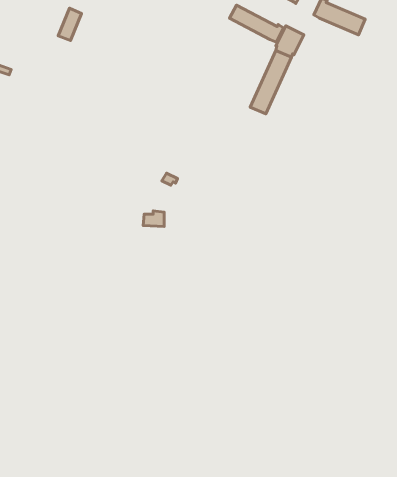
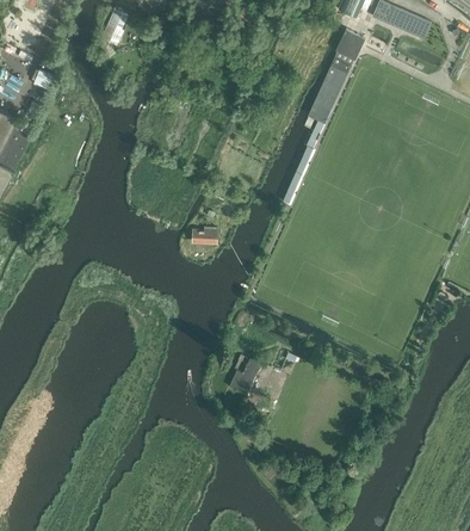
building: [229,5,284,42] -> none
building: none -> [228,359,260,395]

